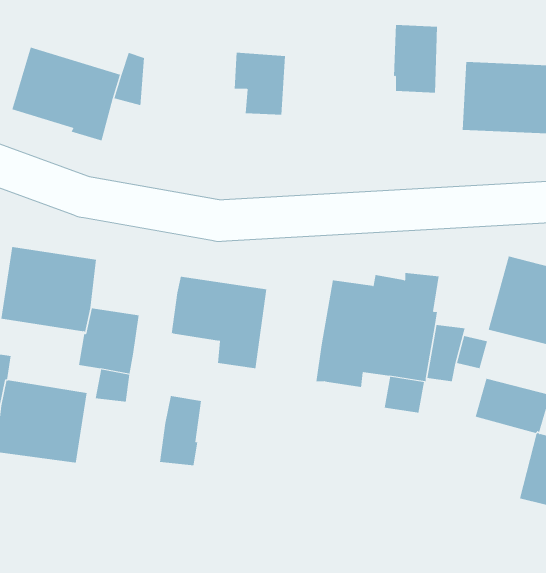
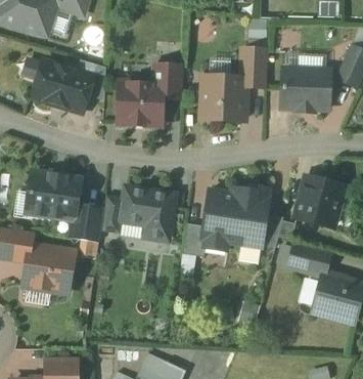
building: none -> [201,76,243,120]
building: none -> [117,83,162,125]
building: none -> [181,222,205,256]
building: [159,395,202,466] -> [99,194,123,233]

